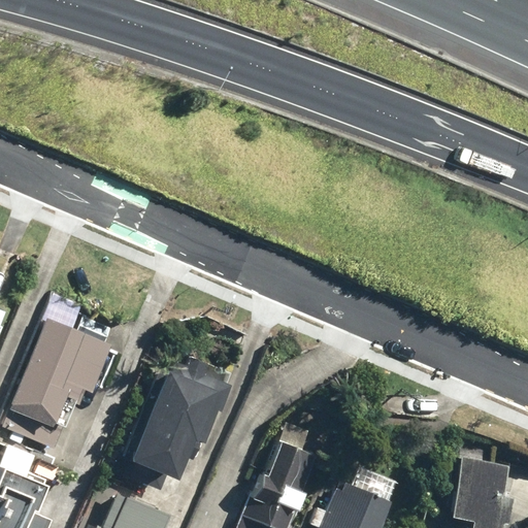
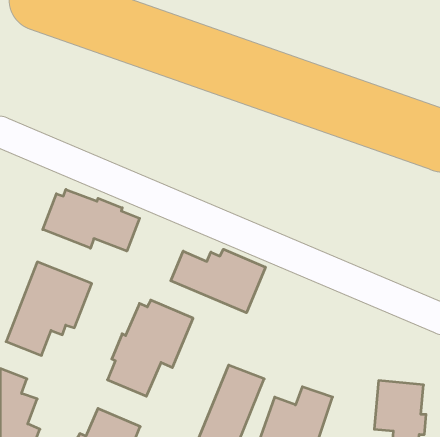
building: none -> [43,189,140,251]
building: none -> [171,249,265,313]

